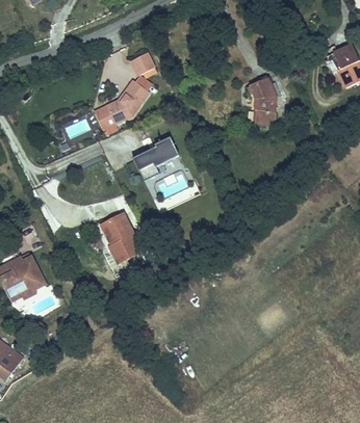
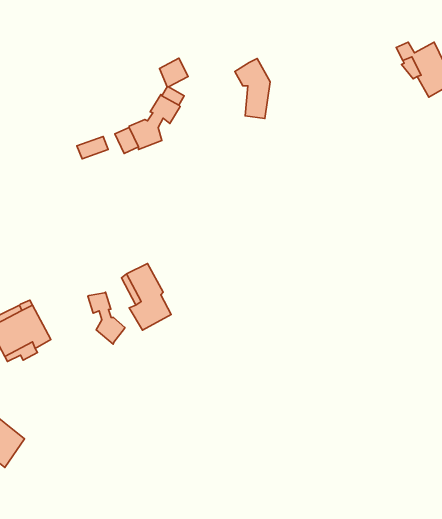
building: [252,73,280,121] -> [235,58,270,119]
building: [133,142,180,184] -> none
building: none -> [88,292,125,344]

